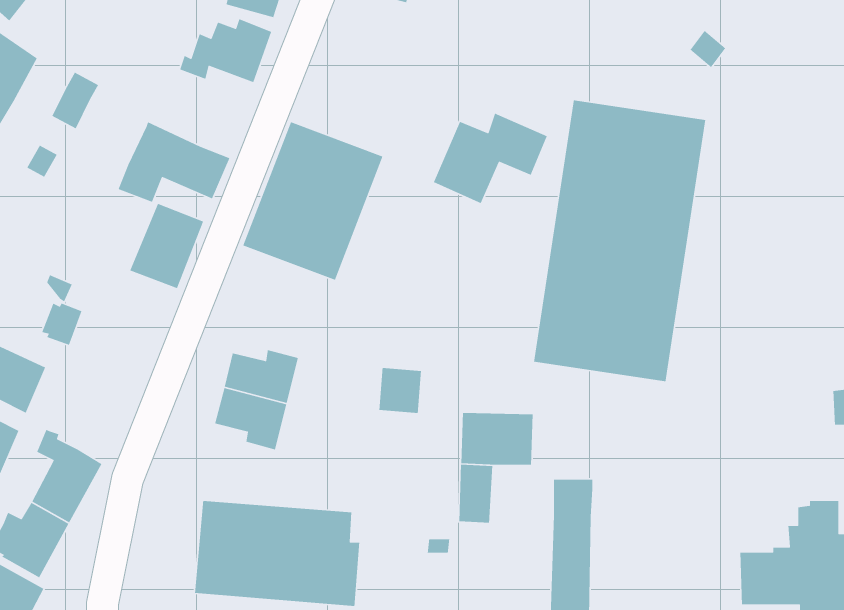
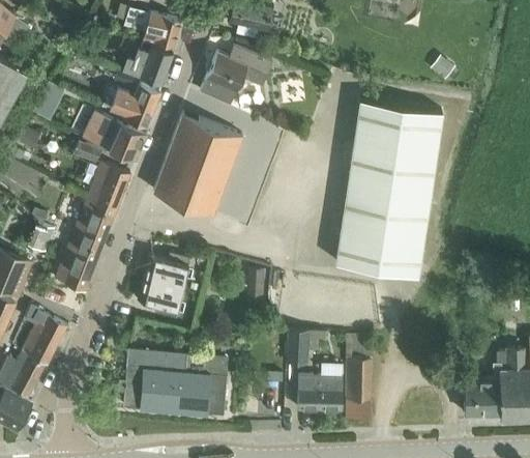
building: none -> [101,86,160,128]
building: [433,113,548,204] -> [201,48,272,105]
building: none -> [56,206,114,290]
building: [460,412,534,465] -> [298,377,344,410]

